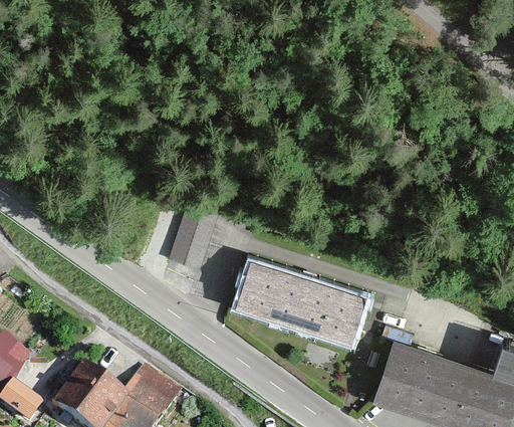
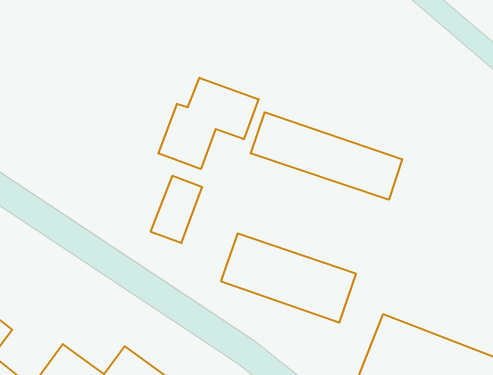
building: none -> [158,78,259,169]
building: none -> [251,112,402,200]

